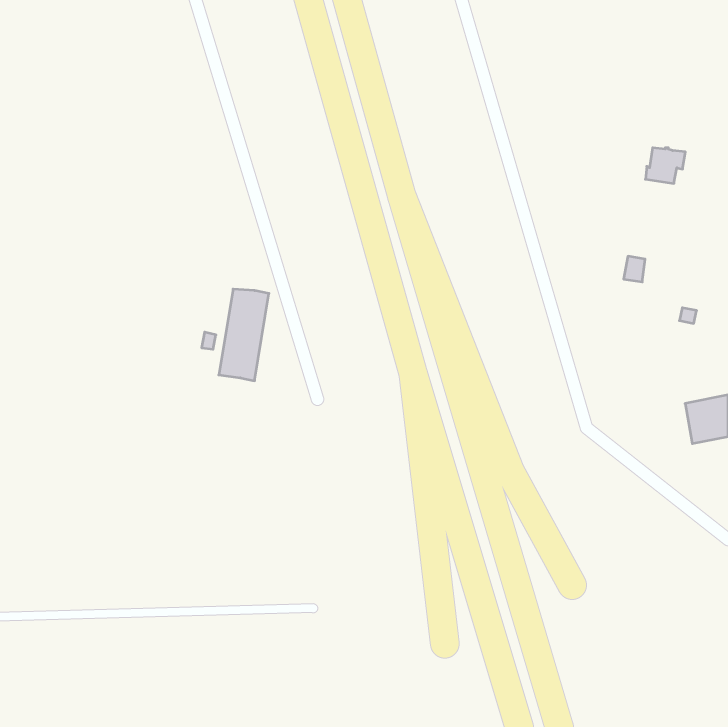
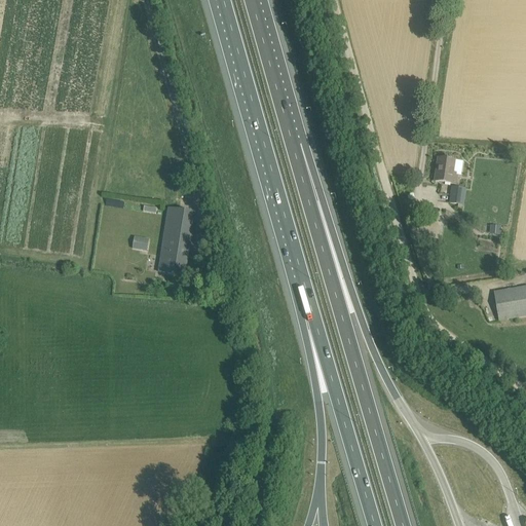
building: [645,148,685,183] -> [434,156,462,182]

